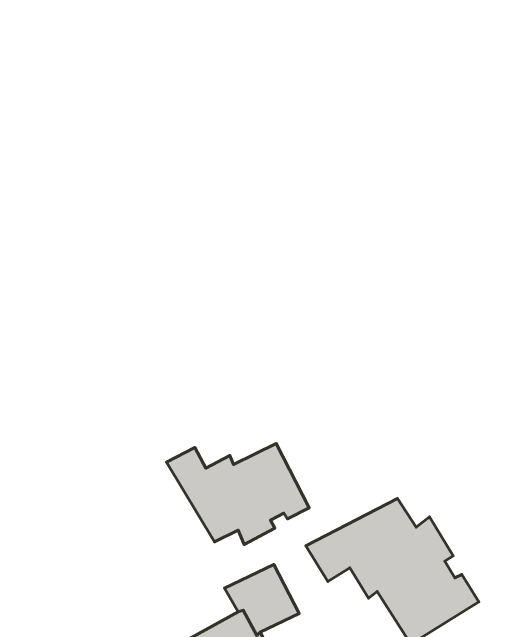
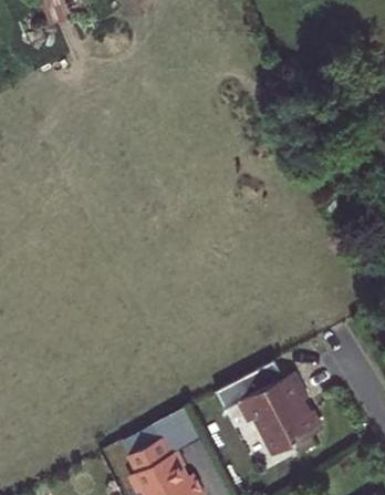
building: [167,444,309,544] -> none

